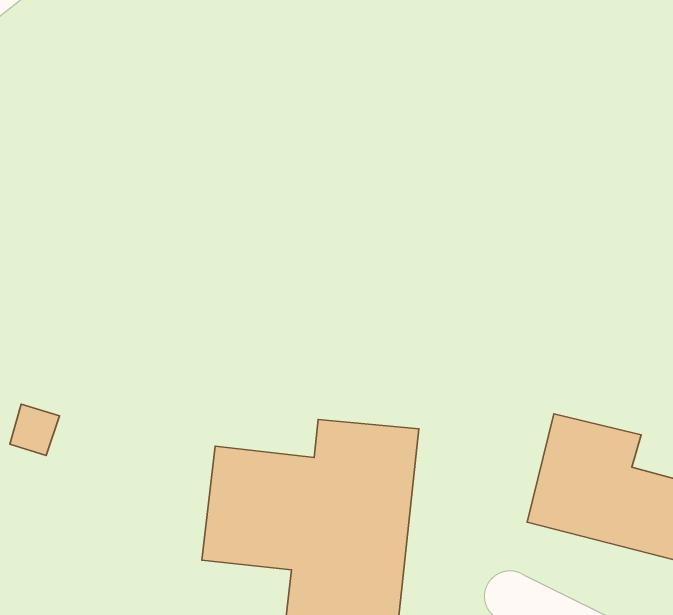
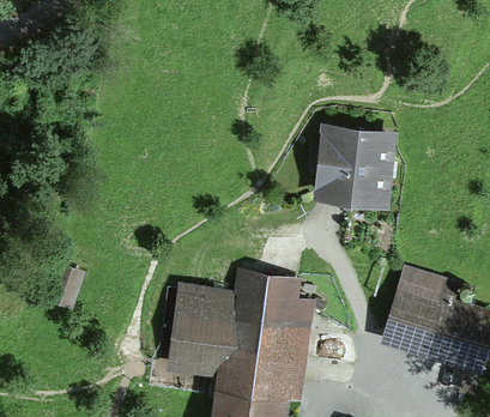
building: none -> [314,137,386,208]

